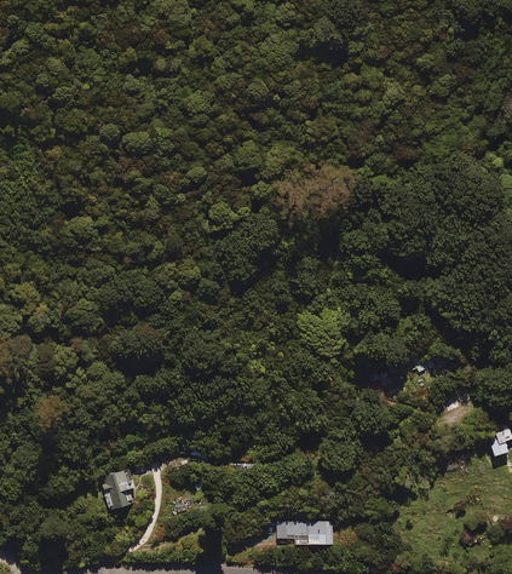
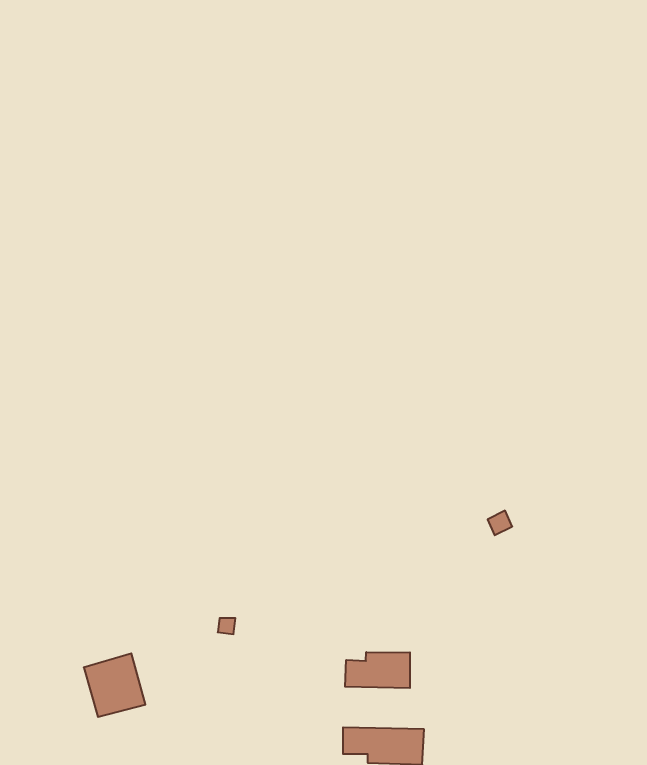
building: none -> [345,652,410,688]

